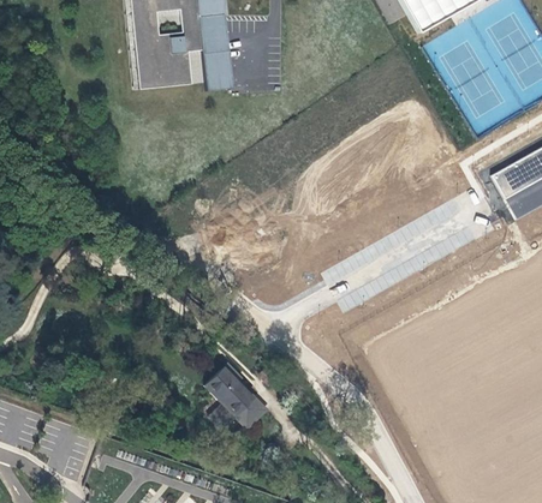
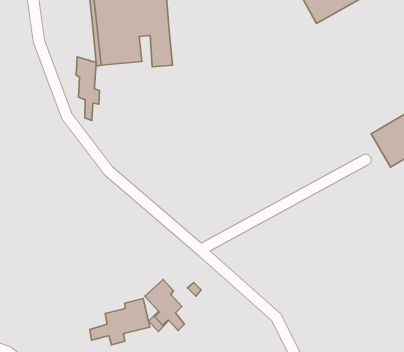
building: none -> [76,57,99,120]
building: none -> [90,298,150,345]

